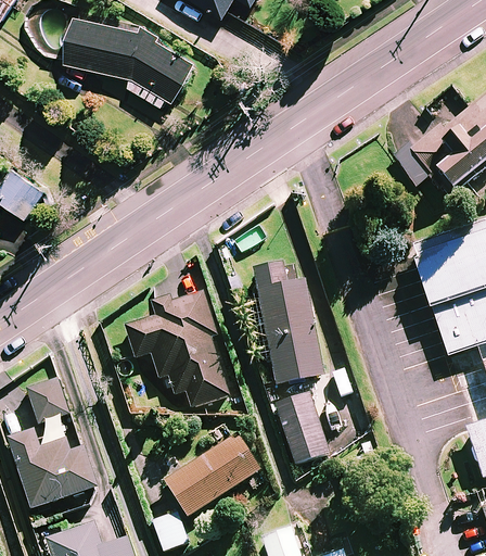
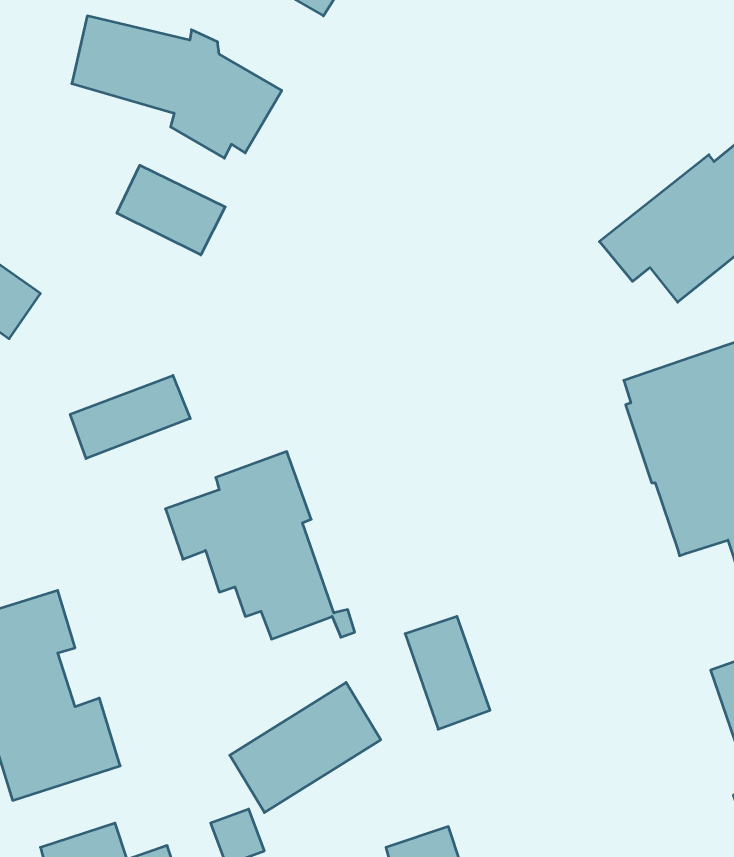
building: none -> [117,165,225,255]
building: none -> [70,375,190,459]
building: [253,258,323,384] -> none

